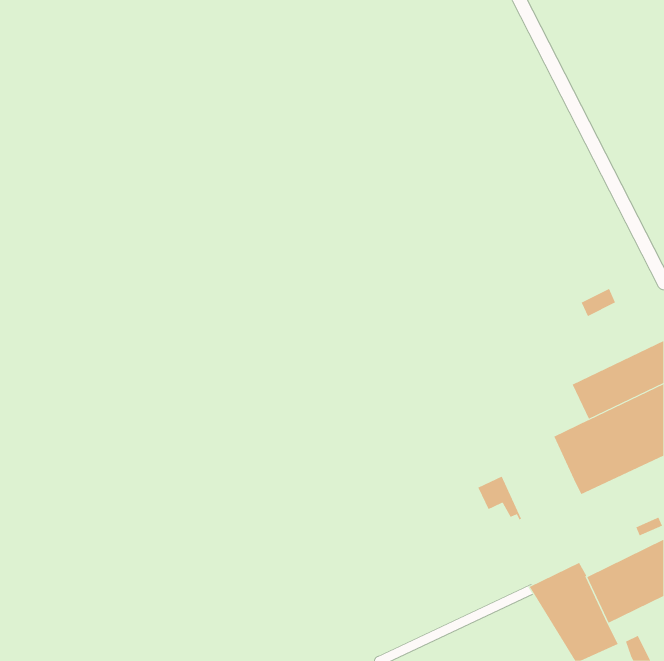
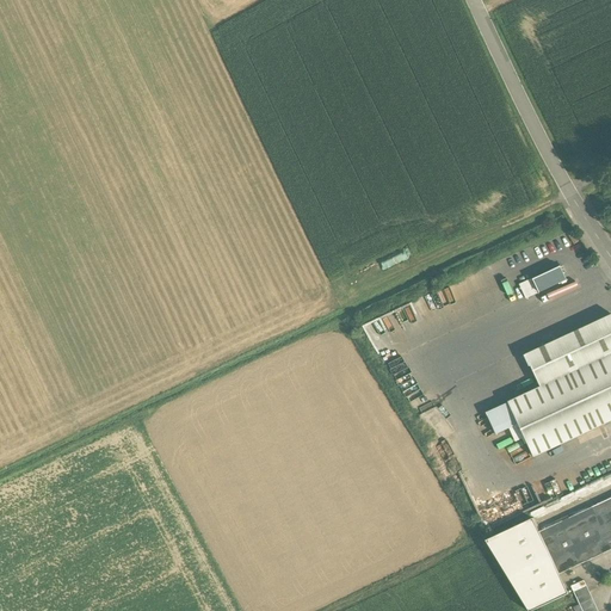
building: [478,476,522,520] -> [486,401,526,442]

